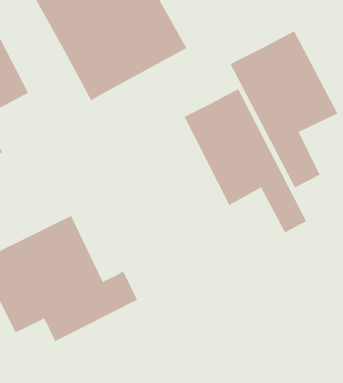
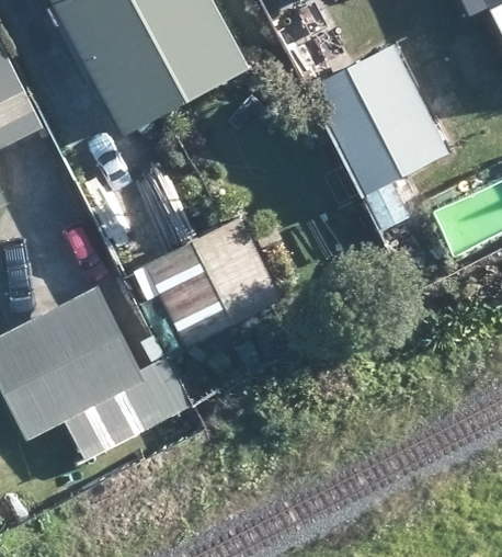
building: [184,88,307,233] -> none
building: none -> [141,217,279,348]

